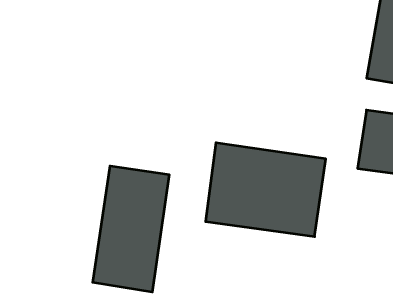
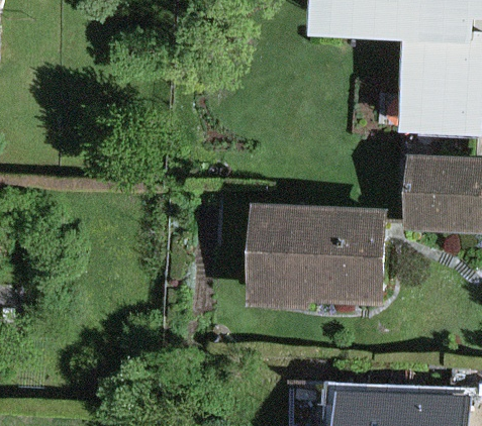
building: [93,166,169,292] -> none

